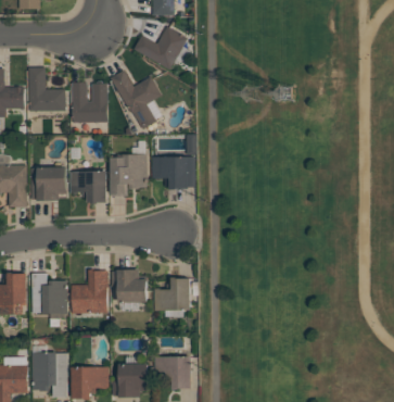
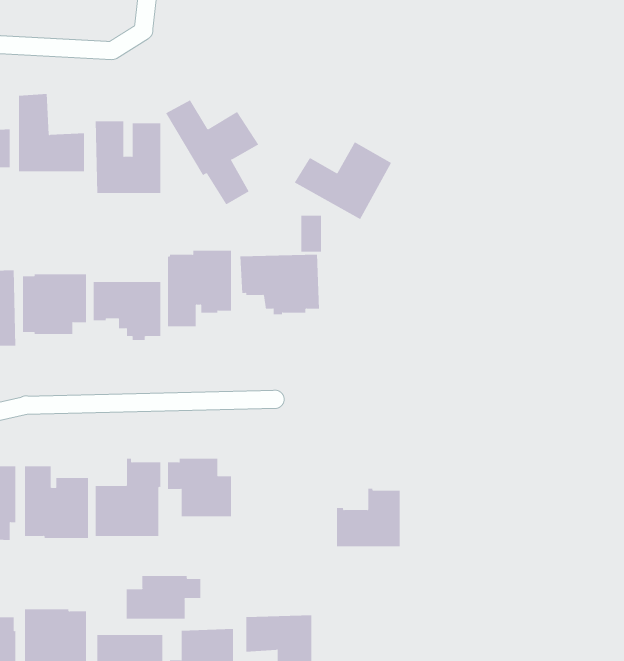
building: [132,26,187,70] -> [294,141,392,220]
building: [154,278,190,311] -> [336,488,401,547]
building: none -> [126,575,201,620]

